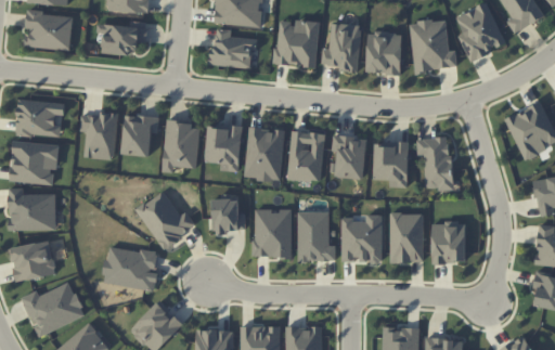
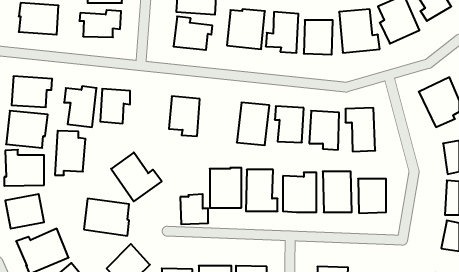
building: [164,119,201,172] -> [55,131,86,175]
building: [245,128,285,181] -> none
building: [212,196,246,232] -> [180,194,208,224]

